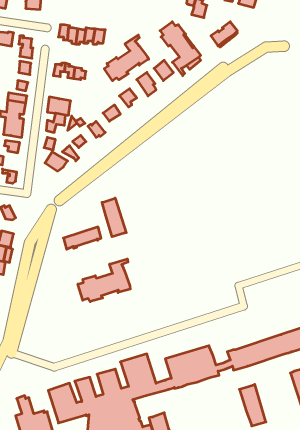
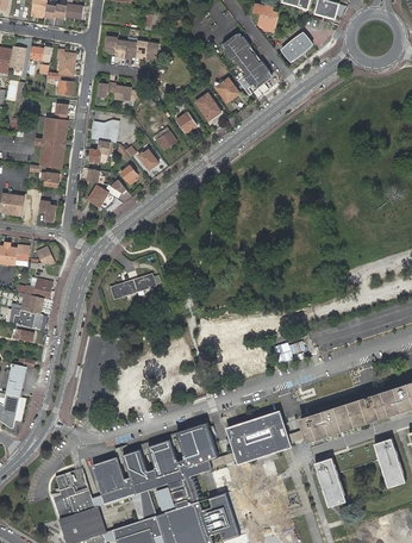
building: [104,35,149,81] -> none
building: [102,198,126,237] -> none
building: [78,259,130,302] -> none

